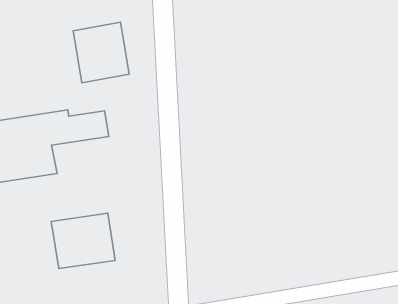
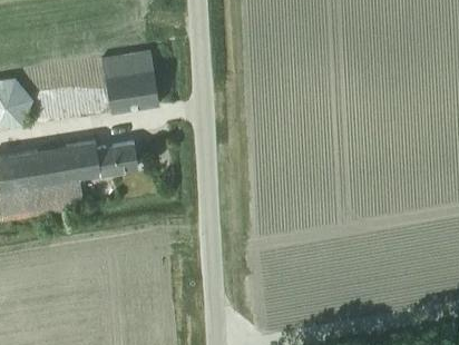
building: [51,213,115,269] -> none

